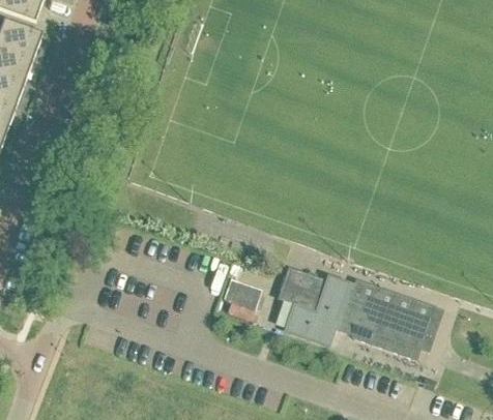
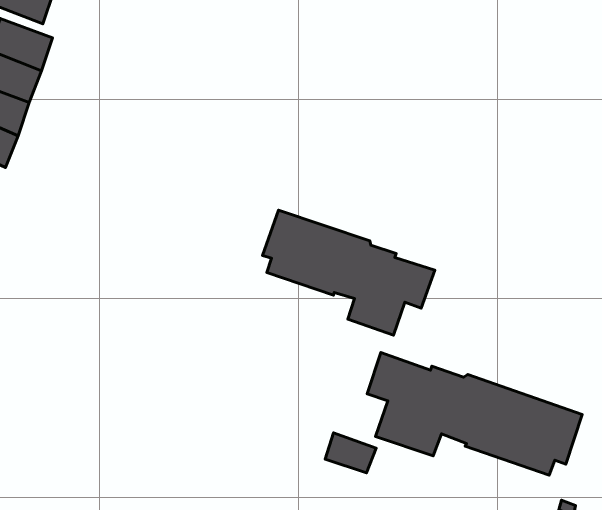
building: none -> [262,210,435,335]
building: [223,277,261,307] -> [325,433,376,473]

